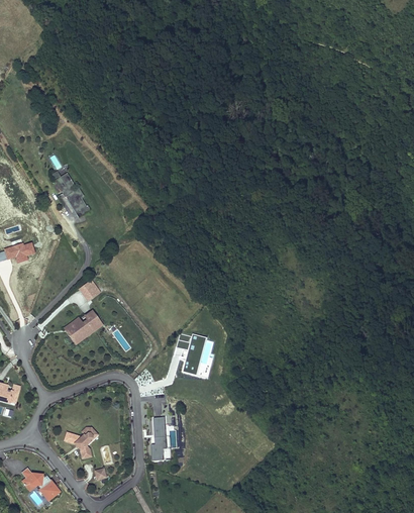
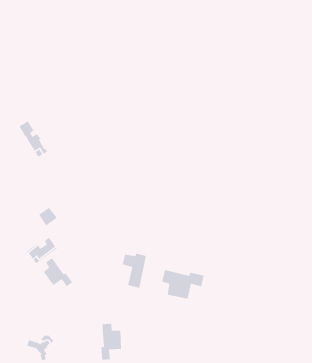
building: none -> [43,257,73,287]
building: none -> [161,269,205,299]

